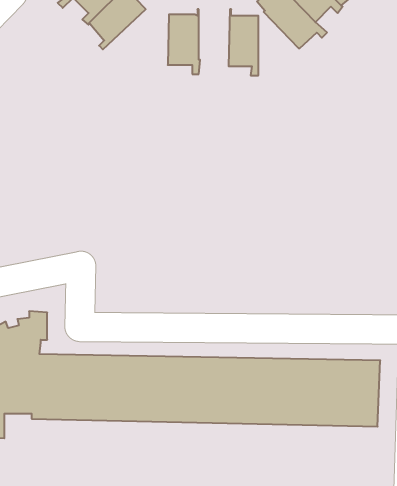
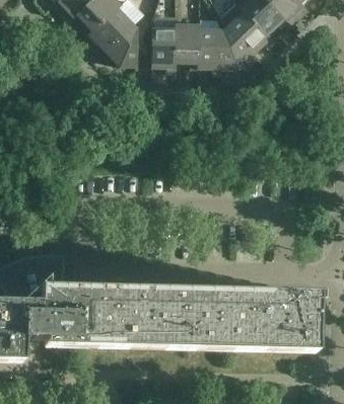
building: none -> [99,20,137,64]
building: none -> [175,20,199,66]
building: none -> [221,22,258,68]

